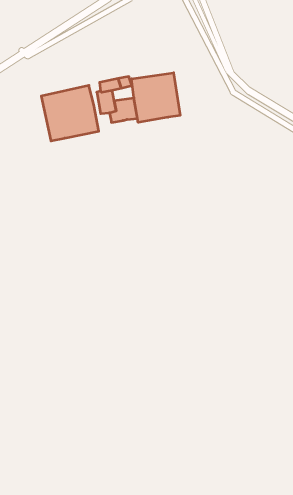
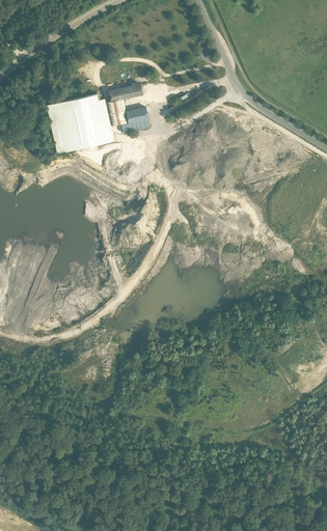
building: [132,73,180,122] -> none

